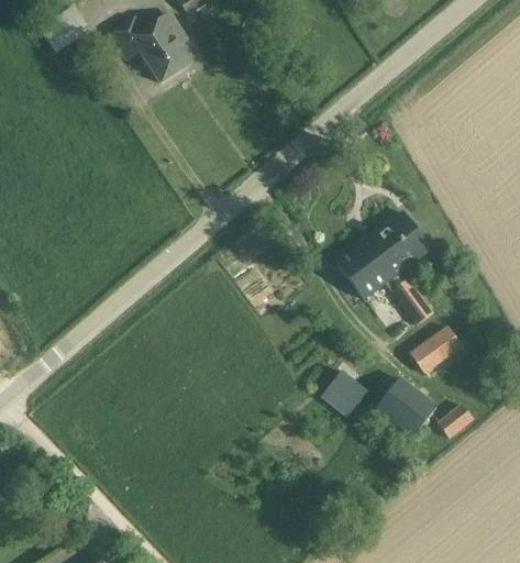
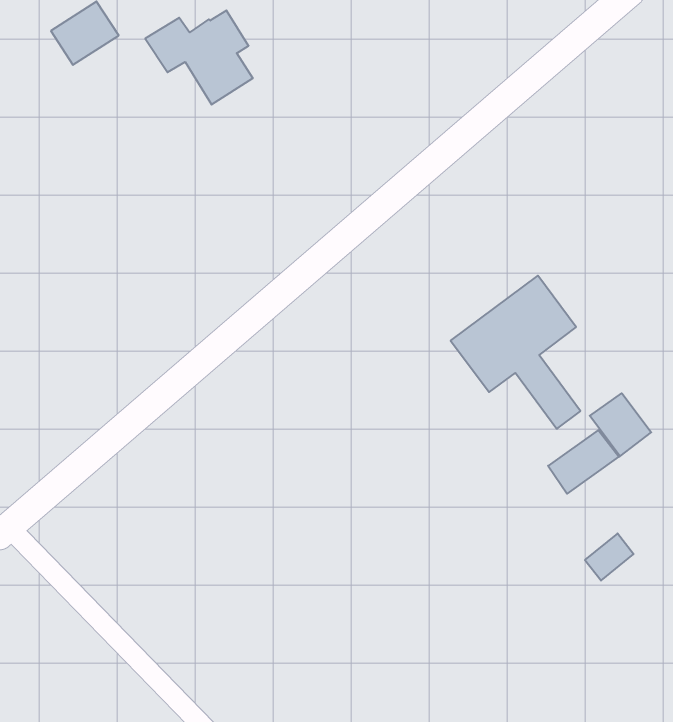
building: none -> [590,393,651,456]
building: [321,369,367,416] -> none
building: [373,375,438,439] -> none

